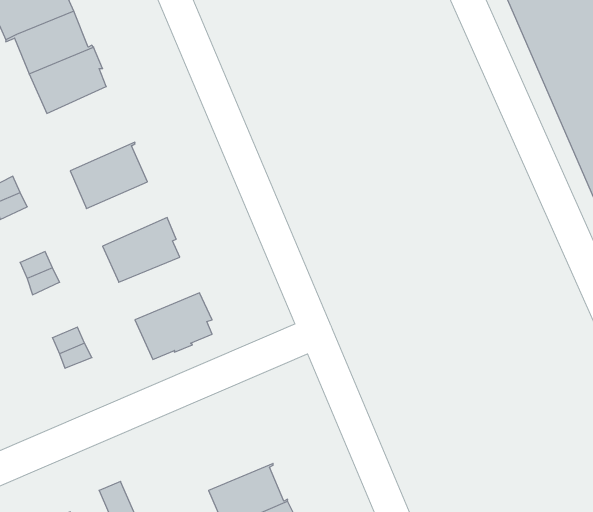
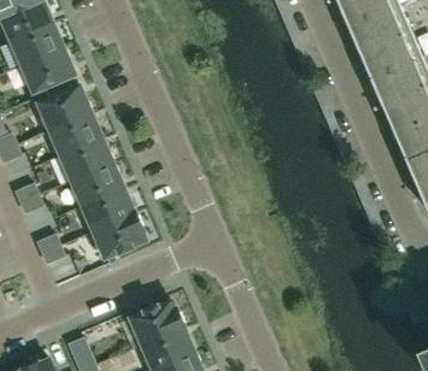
building: none -> [39,86,93,130]
building: none -> [60,137,115,181]
building: none -> [82,188,136,230]
building: none -> [131,301,186,344]

